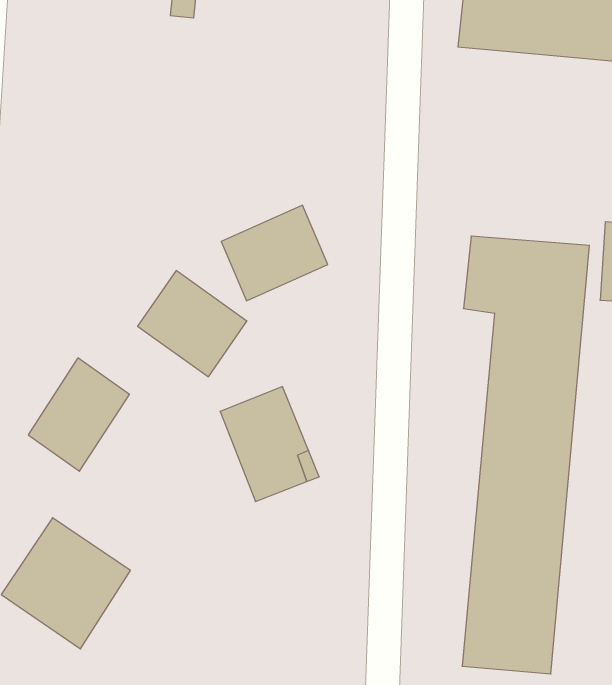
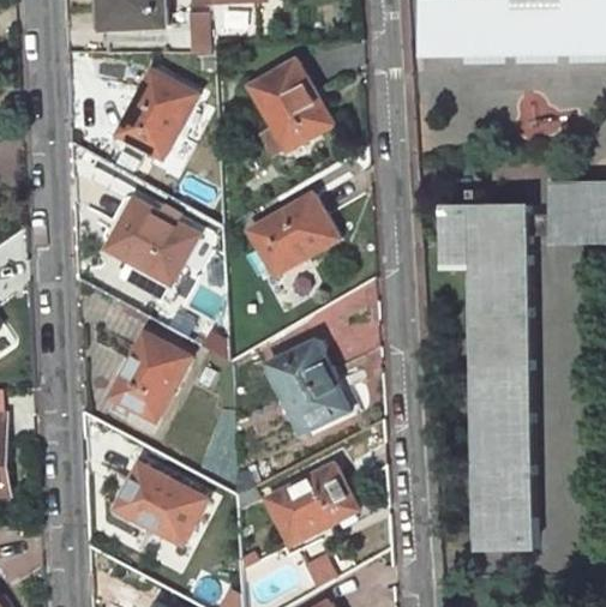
building: none -> [113,73,192,162]
building: none -> [247,61,328,149]
building: [138,271,247,377] -> [107,202,194,284]
building: none -> [266,465,354,545]

